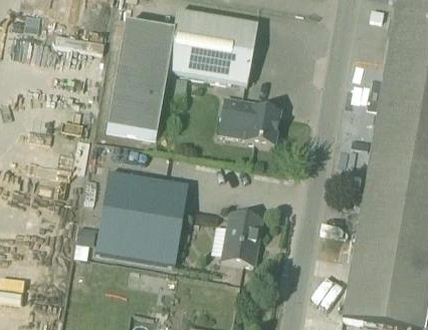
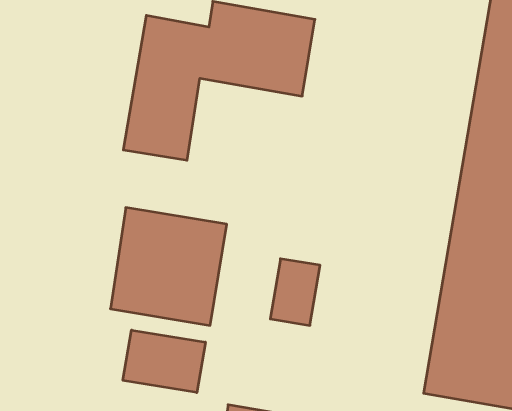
building: [218,101,279,144] -> none
building: none -> [123,330,205,393]

